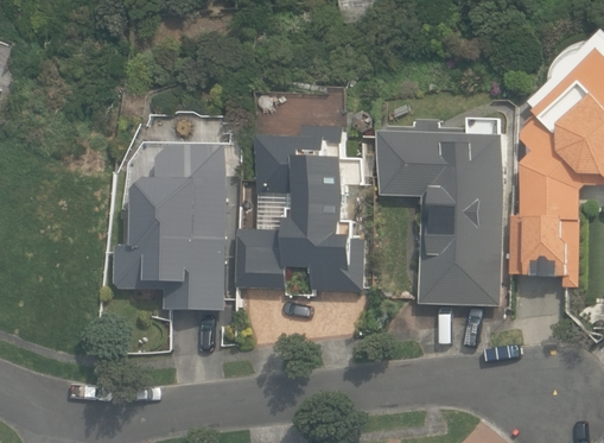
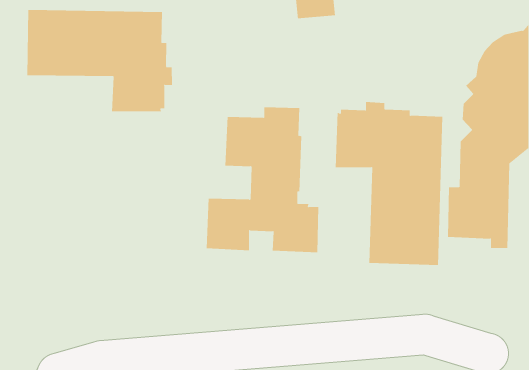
building: none -> [27,9,172,112]
building: [113,146,224,310] -> none

